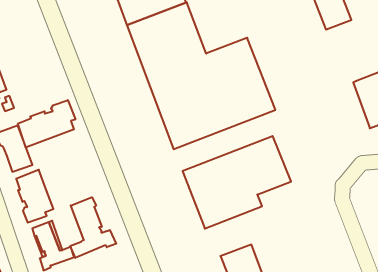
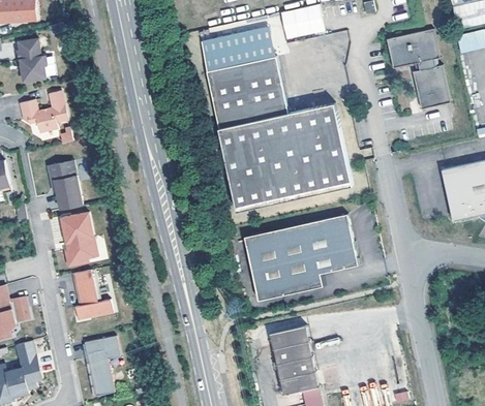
building: [18,100,75,147] -> none
building: [70,197,116,258] -> none

